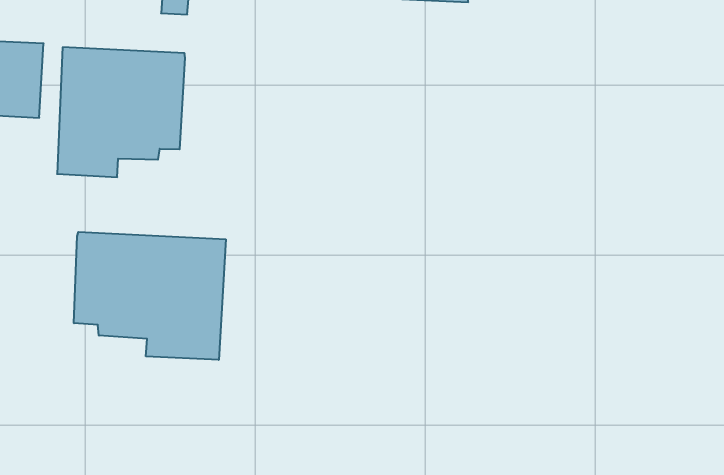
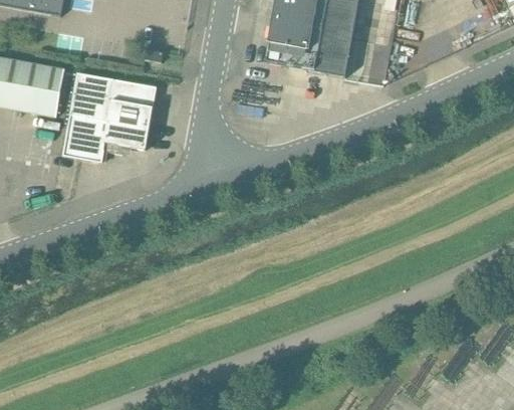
building: [74,232,226,360] -> none

